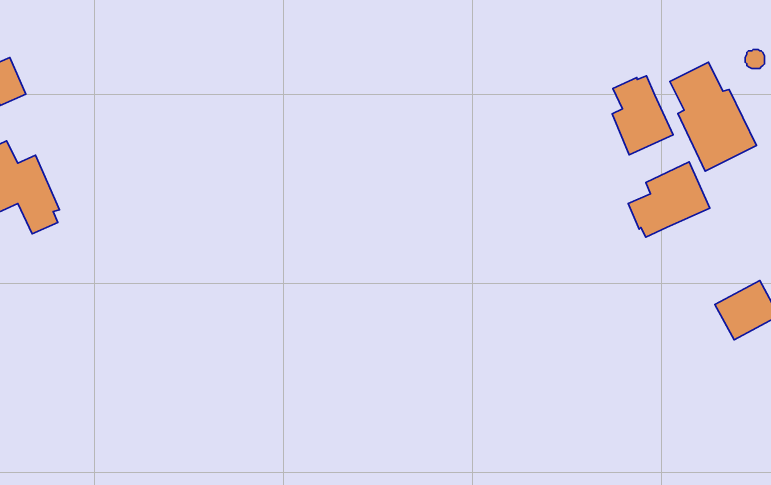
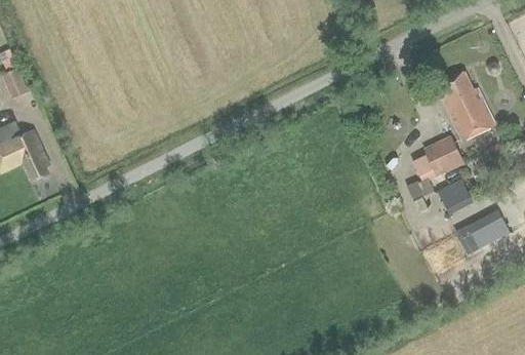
building: [612,76,673,155] -> none
building: none -> [437,179,471,209]

